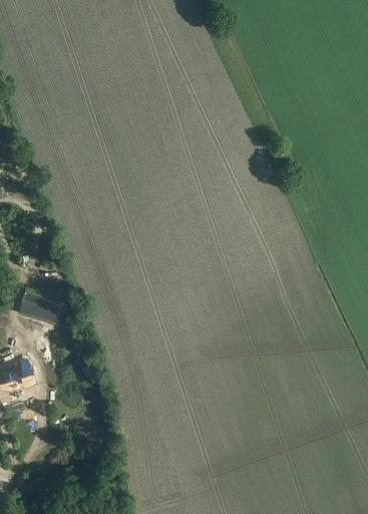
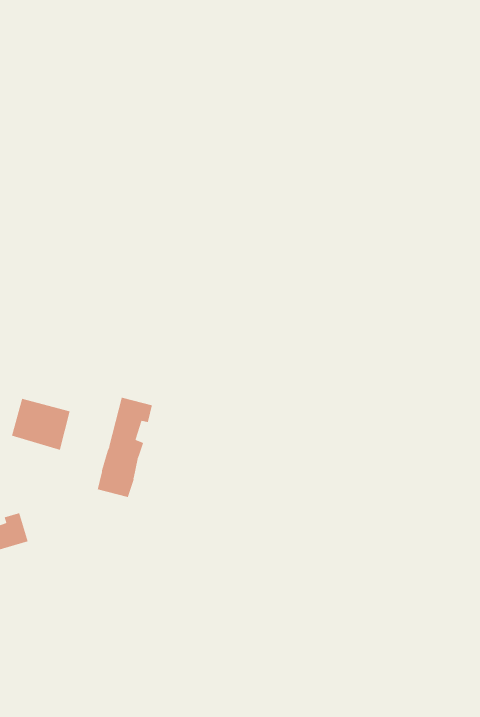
building: none -> [97,397,152,498]

